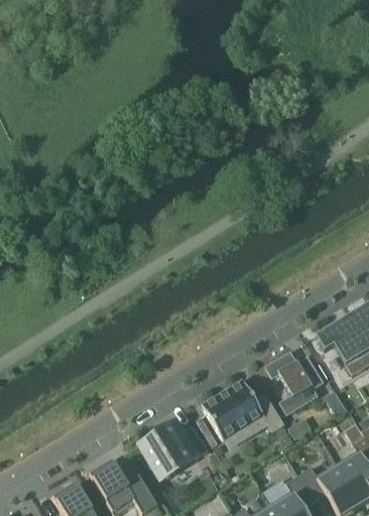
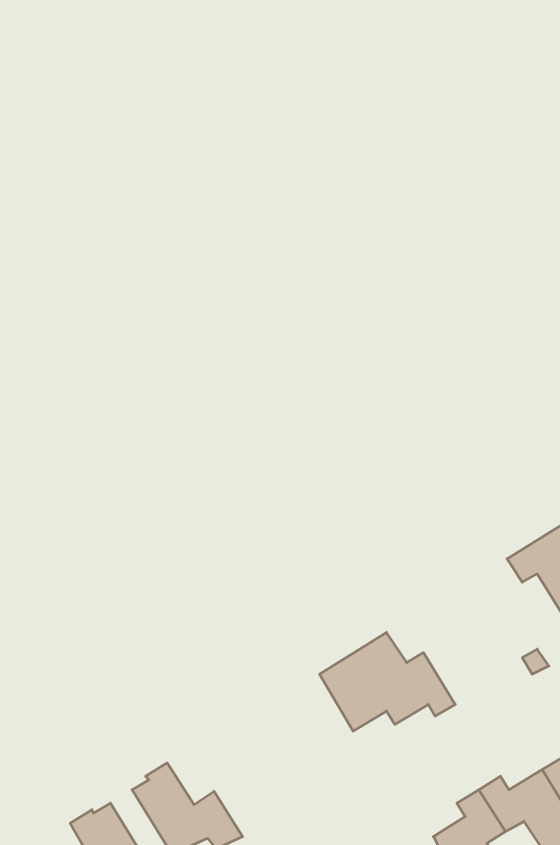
building: [264,351,324,415] -> none
building: [139,422,208,479] -> none

